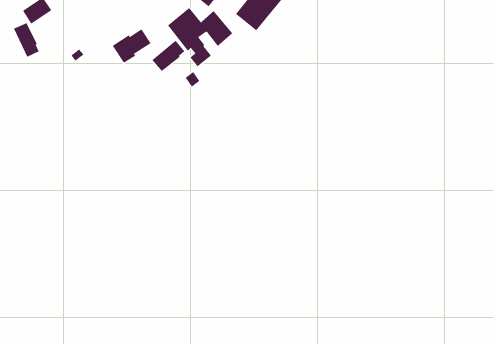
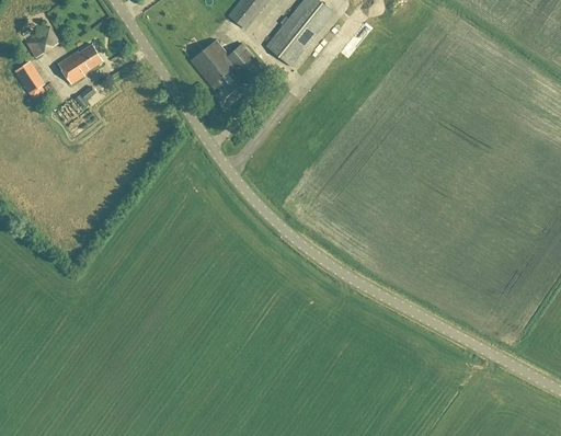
building: [112,29,151,63] -> [57,44,102,83]
building: [151,40,185,72] -> none

